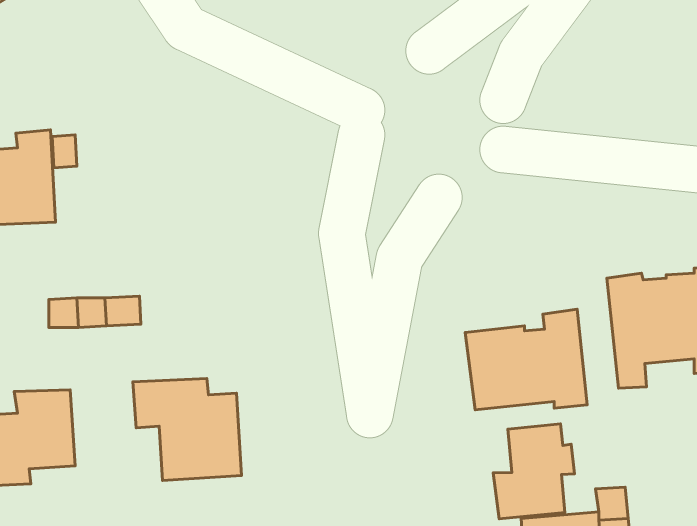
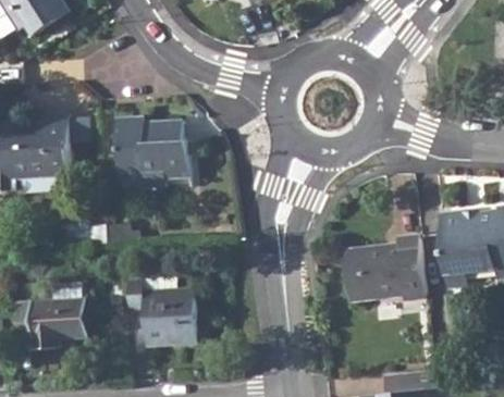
building: none -> [119,121,188,190]
building: [493,424,575,519] -> none

